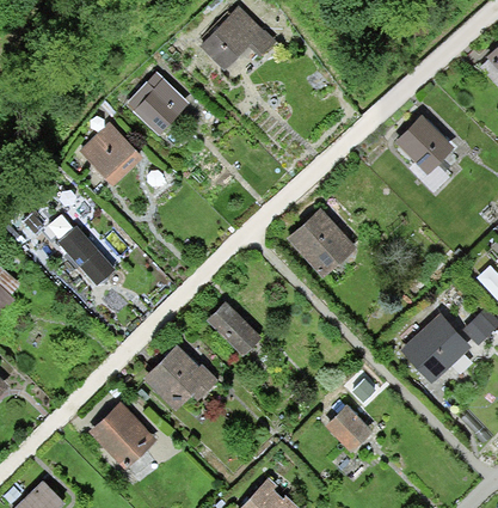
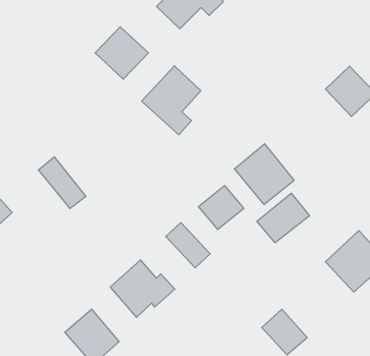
building: none -> [142,66,201,135]
building: [80,121,143,185] -> none
building: none -> [198,186,244,230]
building: none -> [257,193,309,243]

